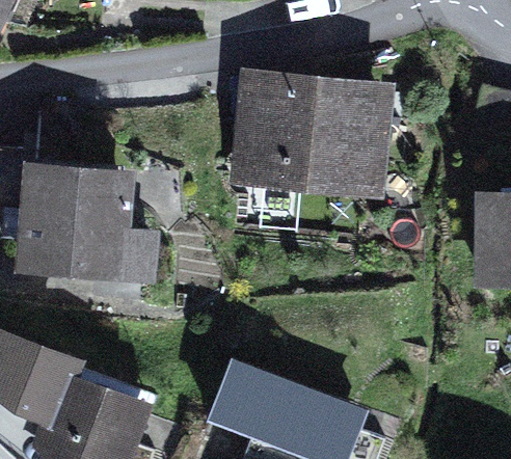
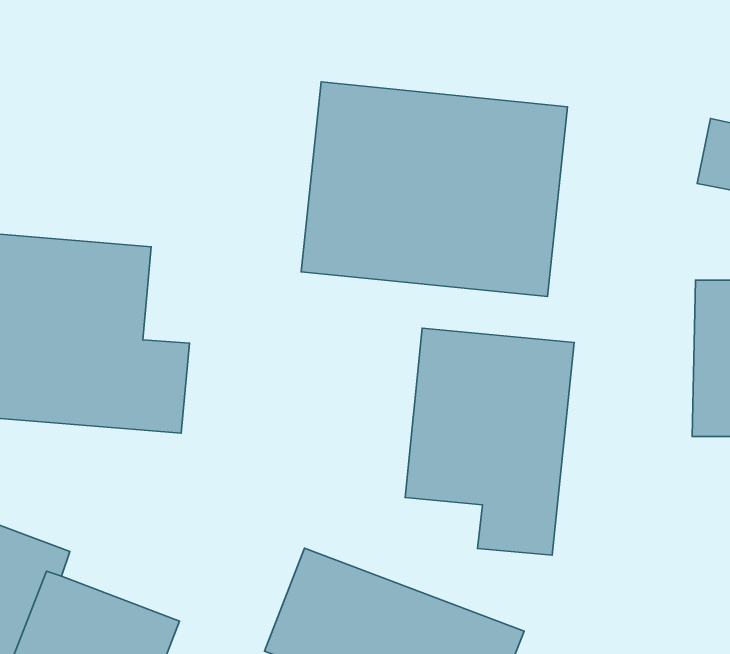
building: none -> [405,328,574,555]

